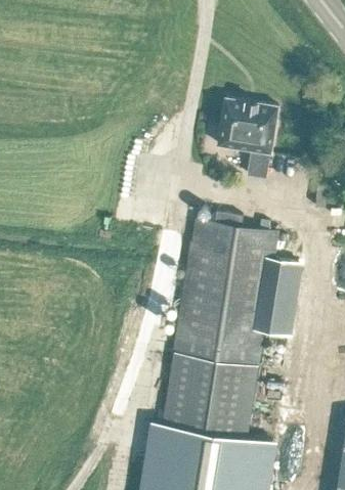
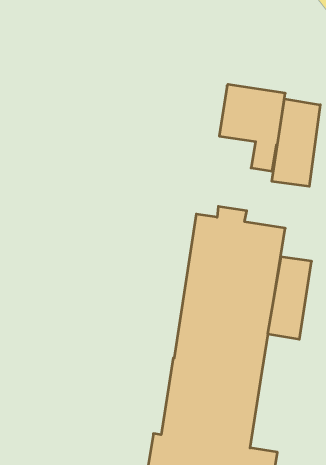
building: none -> [272,99,320,186]

